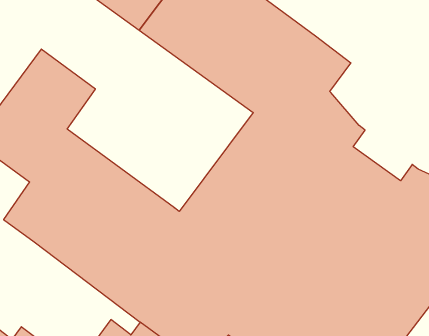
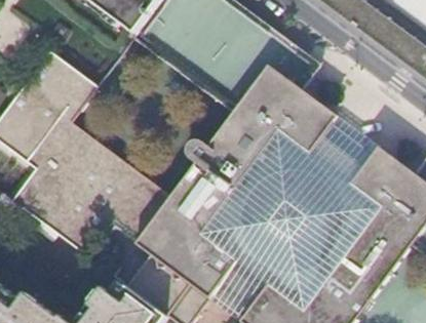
building: none -> [318,113,375,164]

